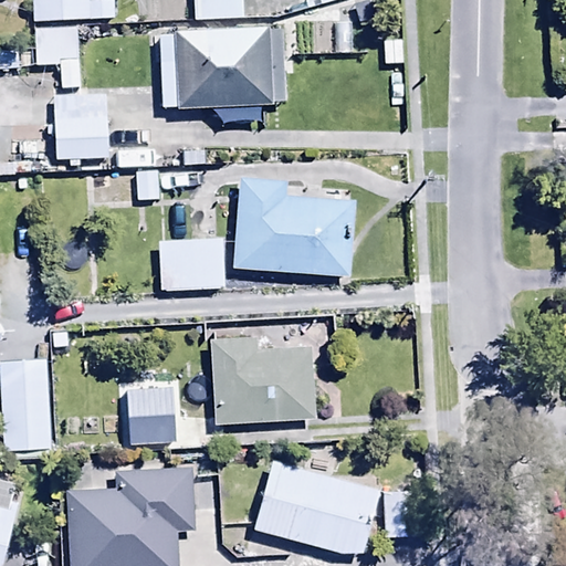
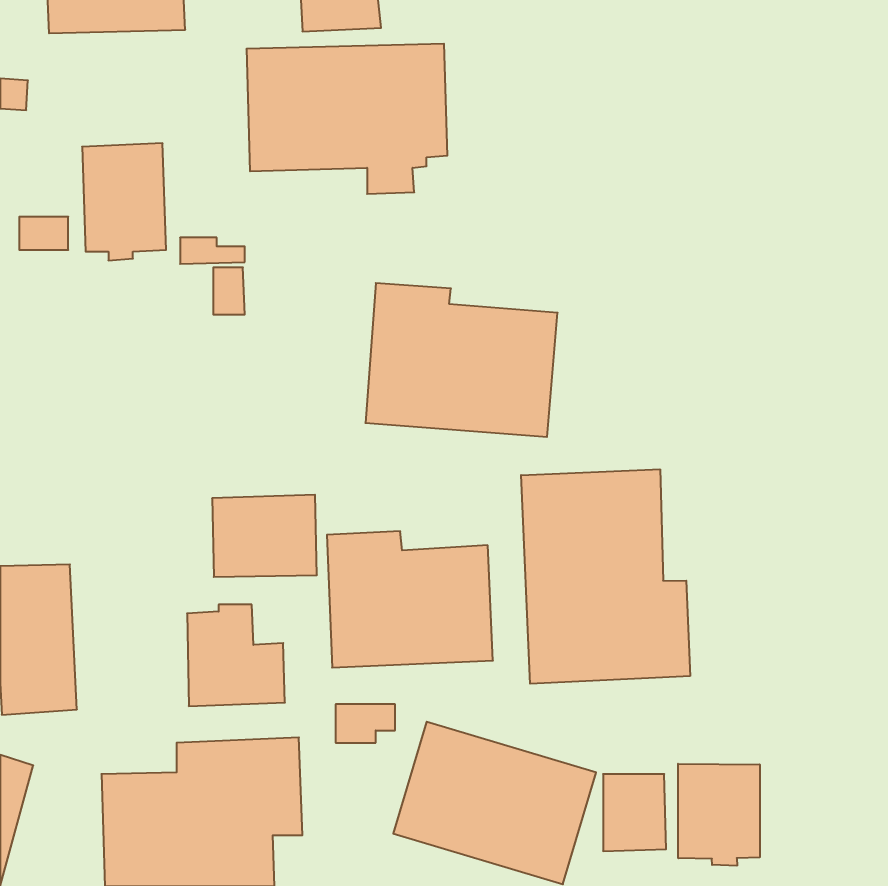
building: [35,27,86,87] -> none
building: [159,238,226,290] -> [212,495,317,577]
building: none -> [521,469,690,684]
building: none -> [678,764,760,866]

